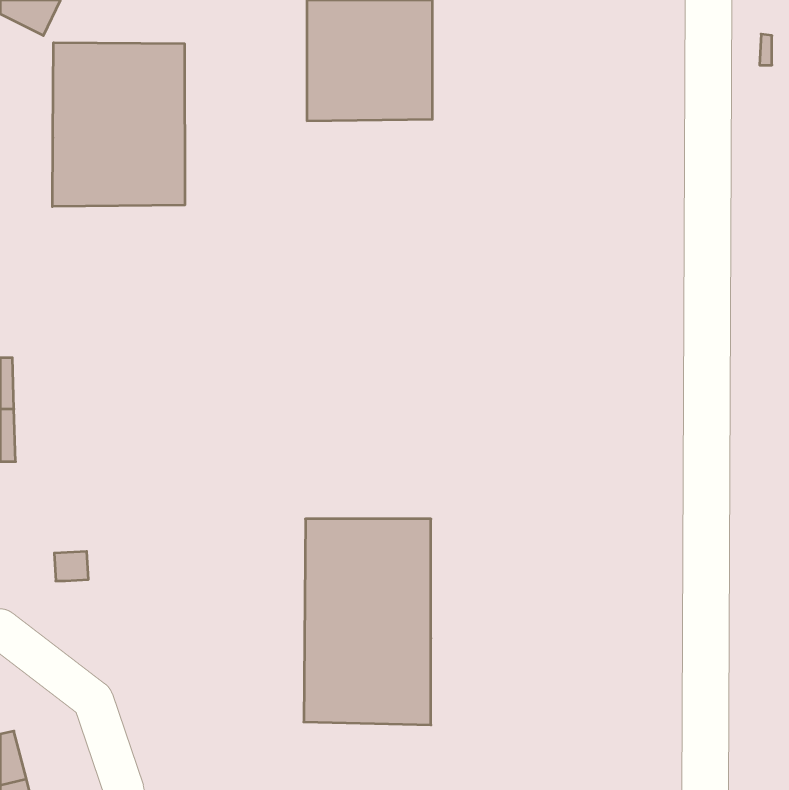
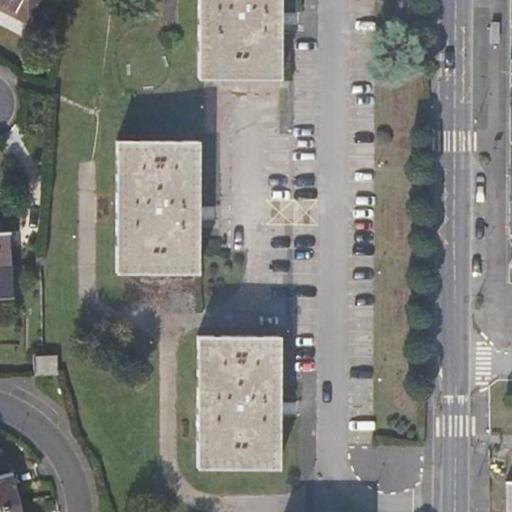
building: [52,43,185,207] -> none
building: none -> [117,141,199,274]

